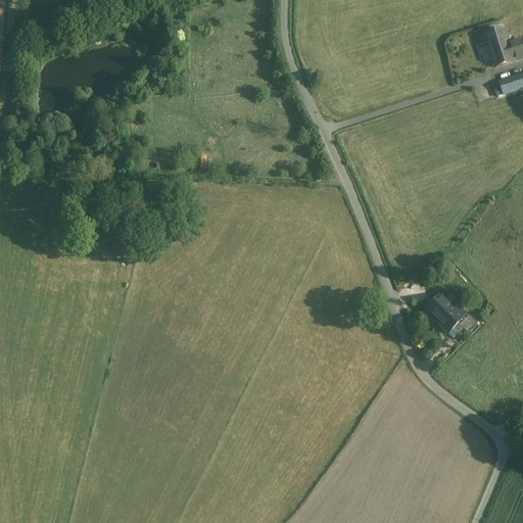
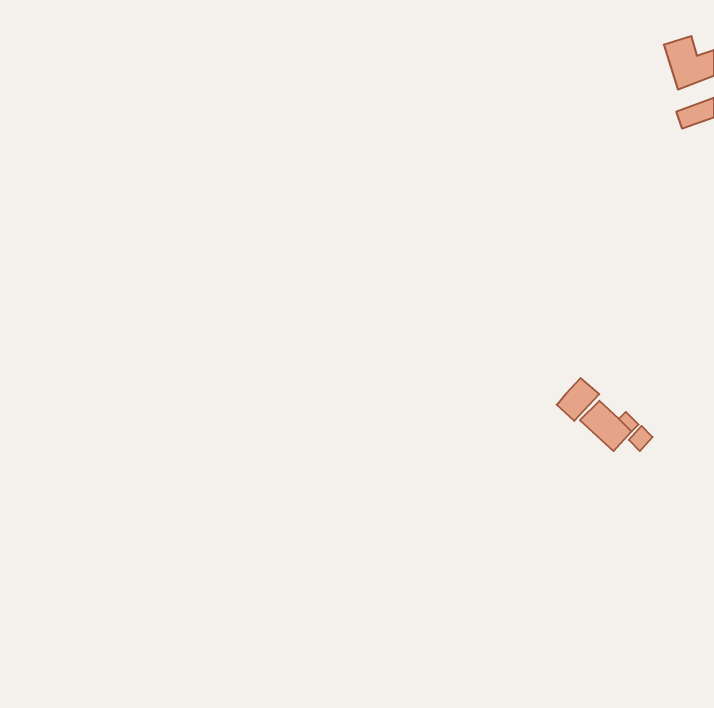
building: none -> [557,378,599,421]

